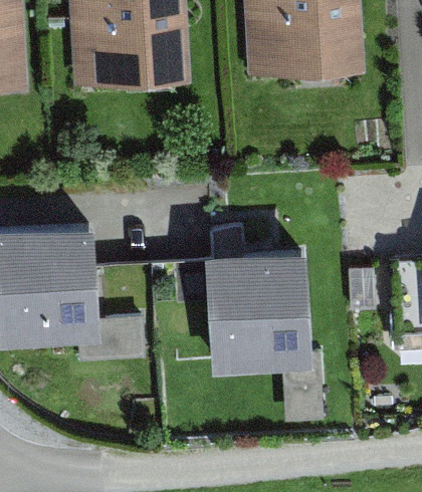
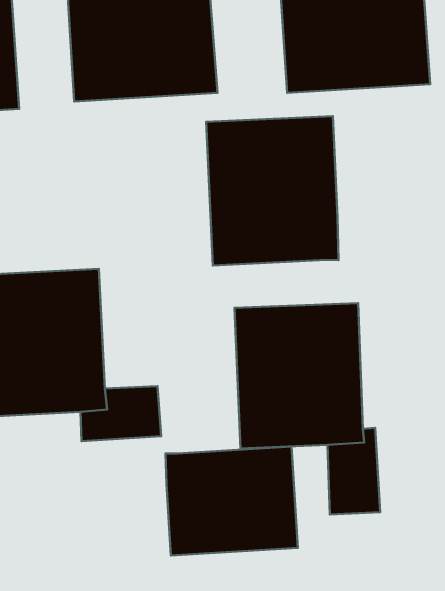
building: none -> [206,116,338,265]
building: none -> [166,446,298,555]

